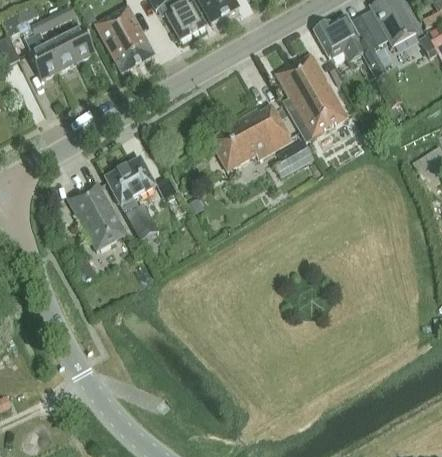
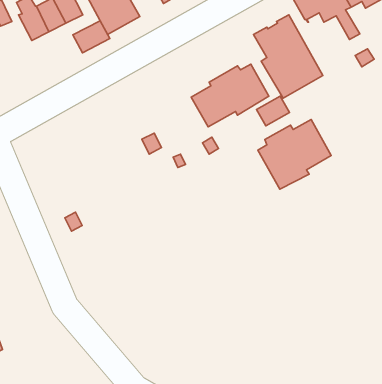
building: none -> [73,21,110,53]
building: [105,157,157,237] -> none
building: none -> [258,119,331,189]
building: [68,182,126,250] -> none

